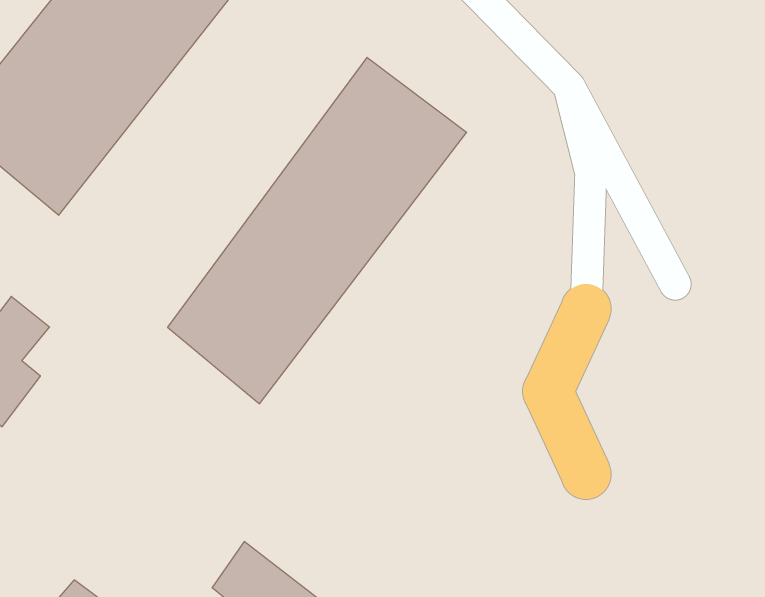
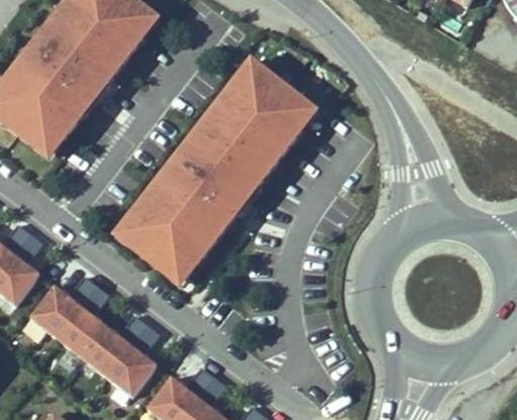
building: none -> [24,271,157,395]

